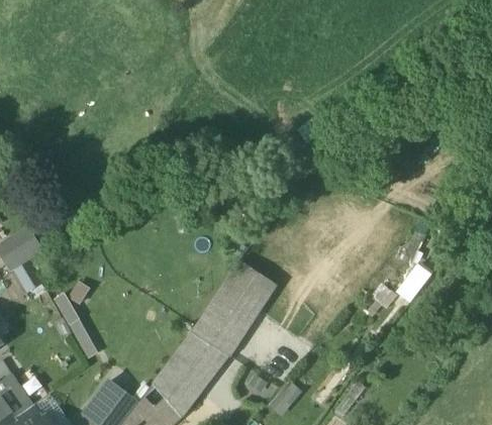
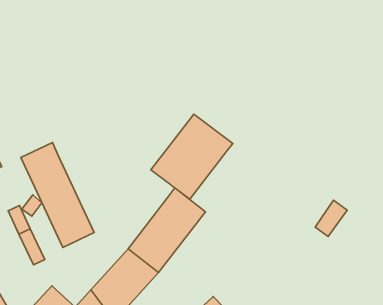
building: none -> [151,114,233,199]
building: none -> [21,142,94,248]

